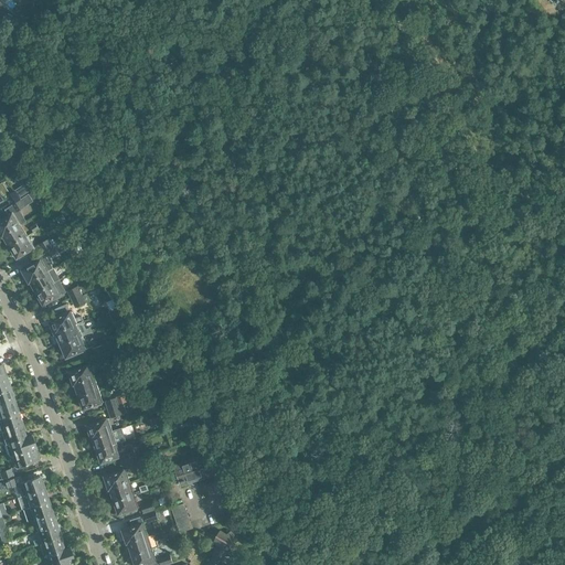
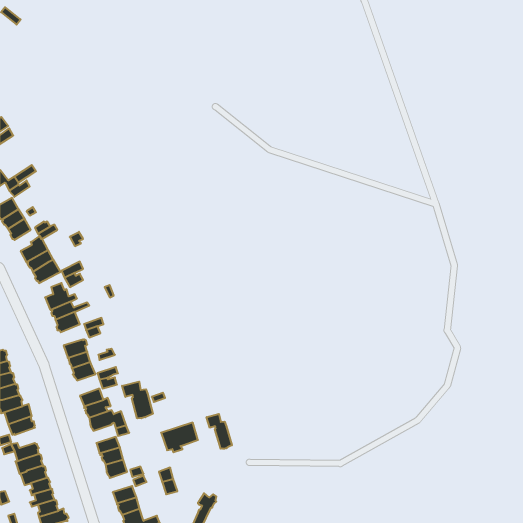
building: none -> [122,382,153,418]
building: none -> [207,414,232,449]

